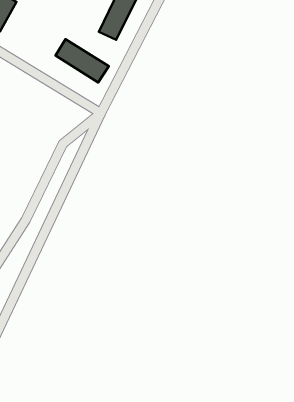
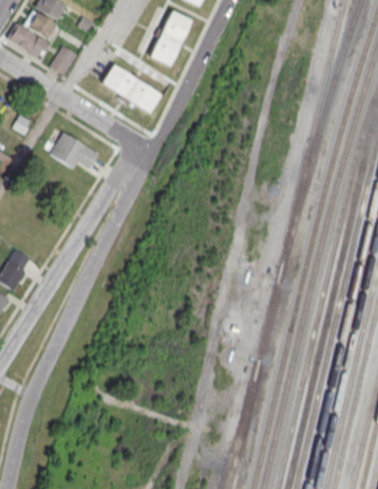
building: none -> [50,44,76,74]
building: none -> [49,131,99,168]

